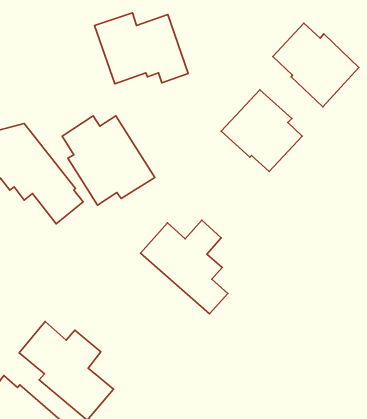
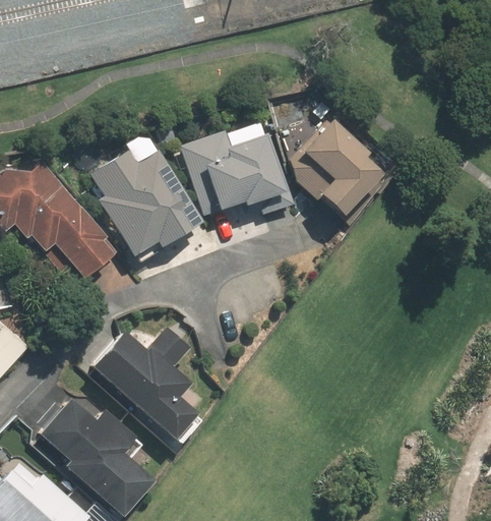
building: [95,13,188,84] -> [182,130,295,216]
building: [273,23,359,107] -> none
building: [140,220,228,314] -> [93,328,198,441]

